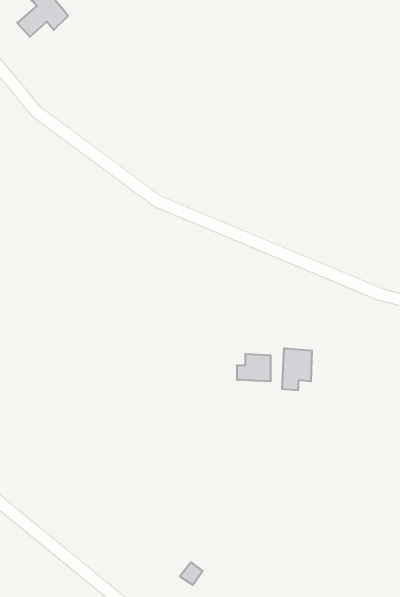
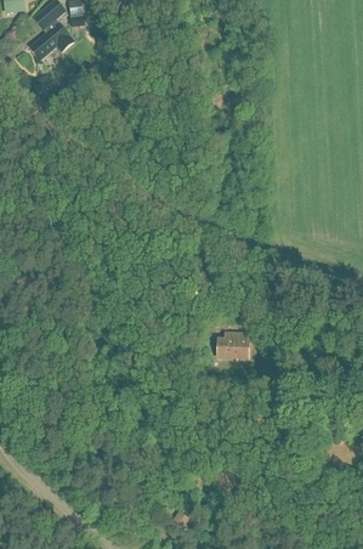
building: [282,348,312,390] -> none

